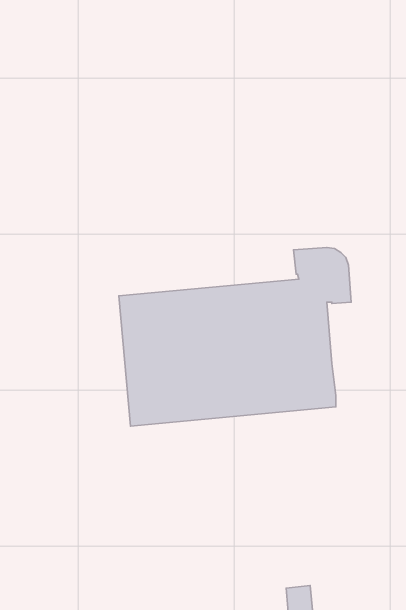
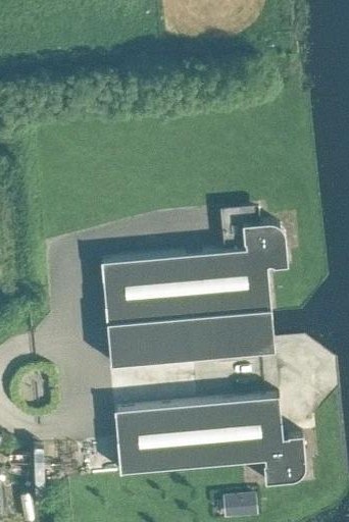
building: none -> [114,397,305,485]

